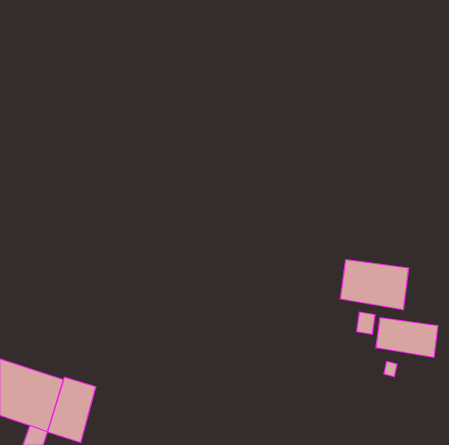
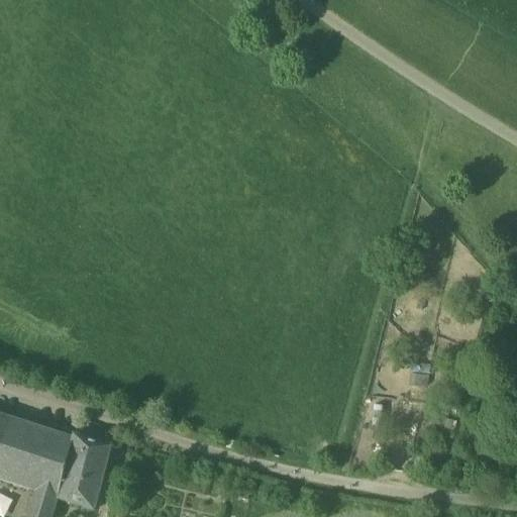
building: [341,260,408,310] -> none
building: [376,318,438,358] -> none

